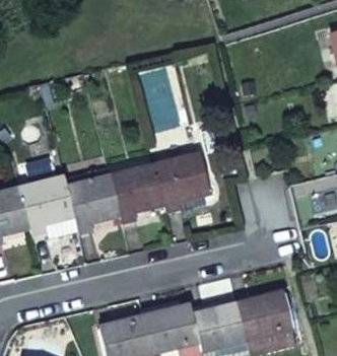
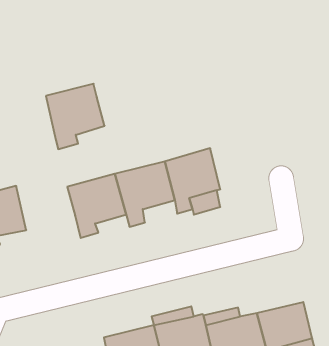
building: [19,175,73,235] -> [46,84,105,149]

